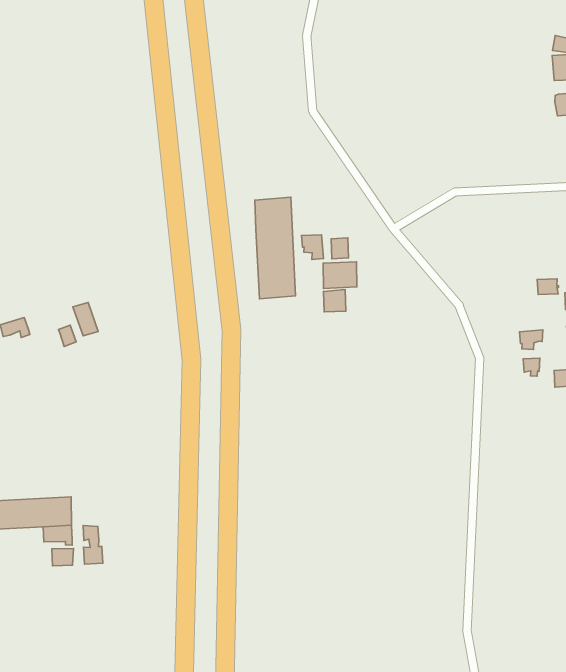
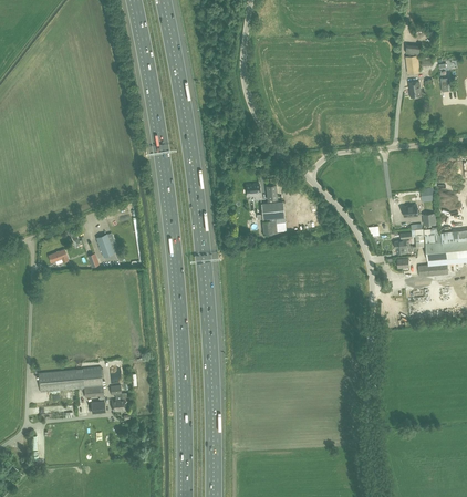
building: [255,197,295,299] -> none

